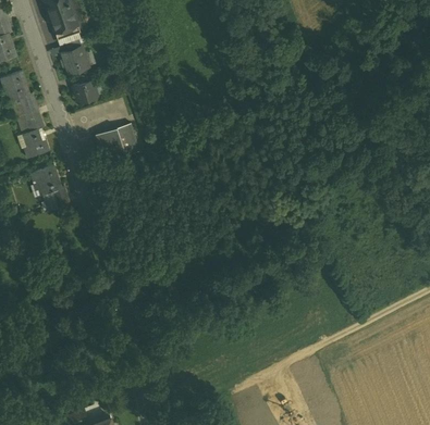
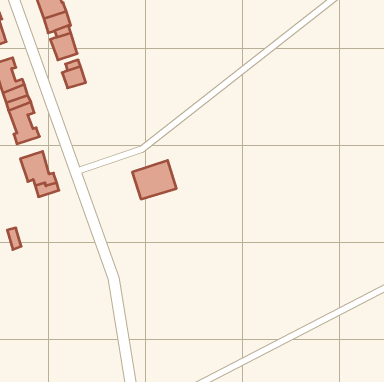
building: [95,124,139,163] -> [132,160,176,199]

